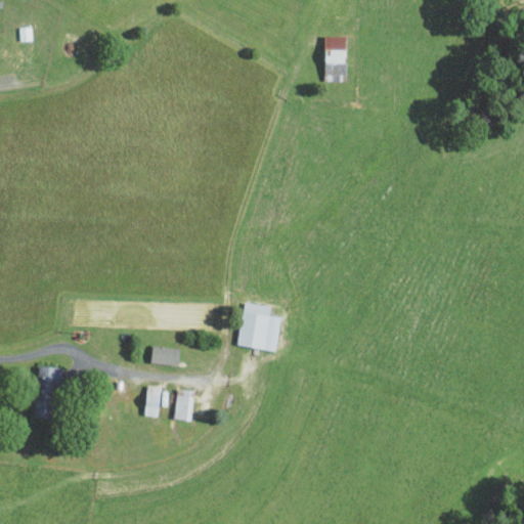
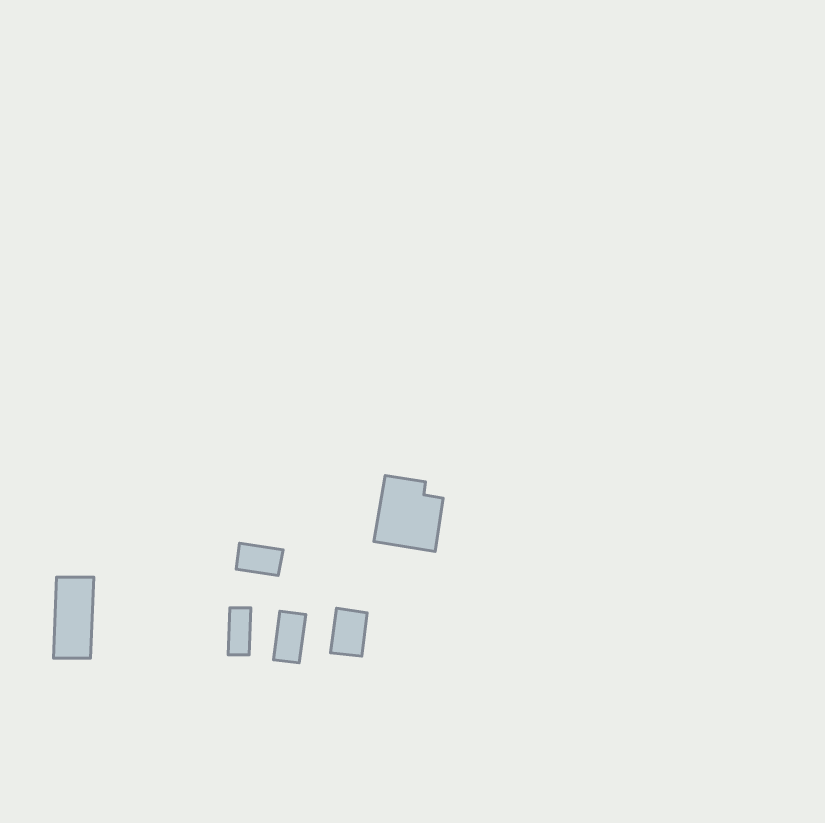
building: [324,36,347,82] -> none
building: none -> [330,608,367,656]

